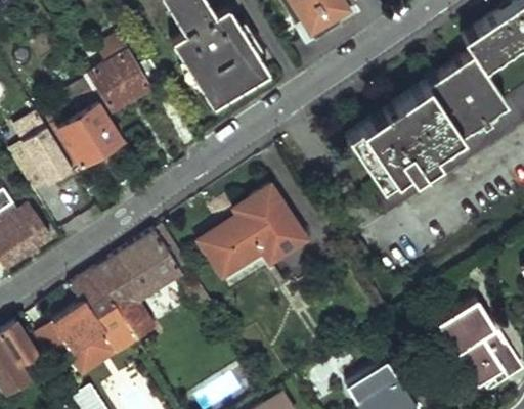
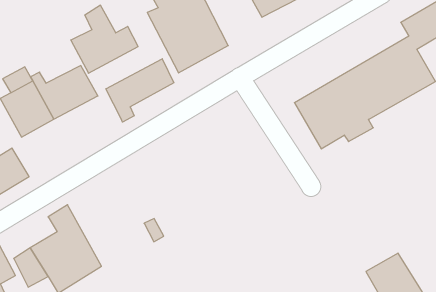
building: none -> [106,59,174,122]
building: [193,184,304,273] -> none
building: [94,228,184,338] -> none

